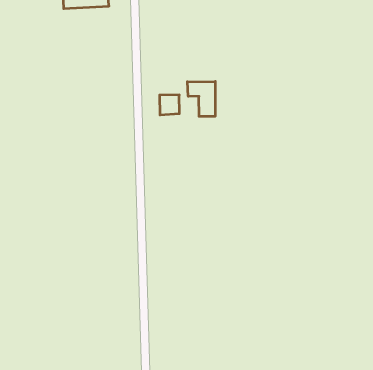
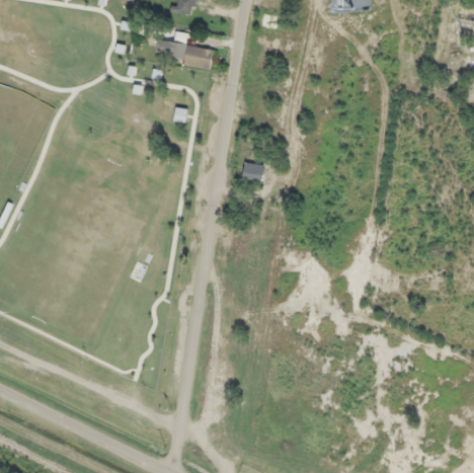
building: [187,81,215,116] -> none

